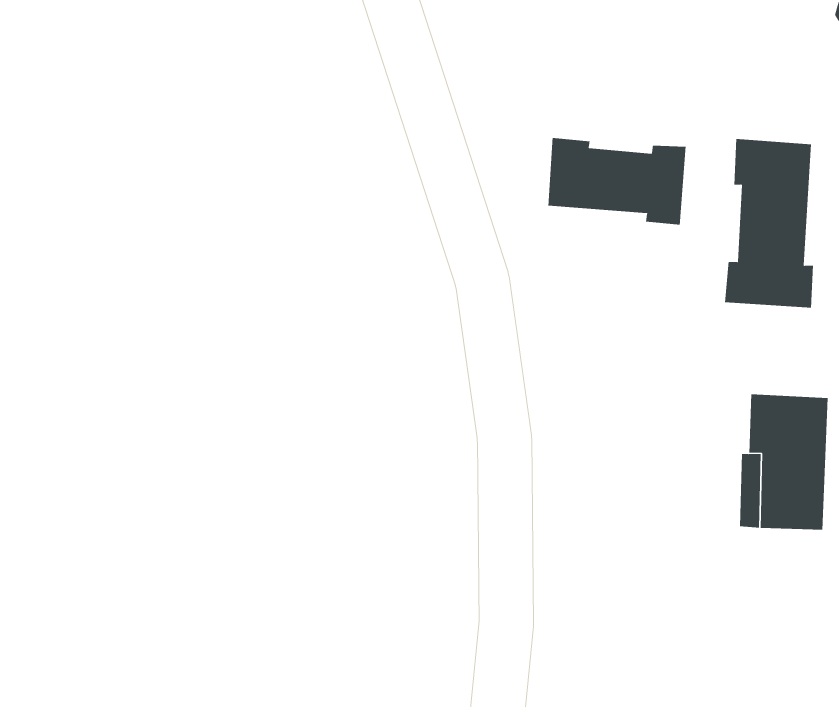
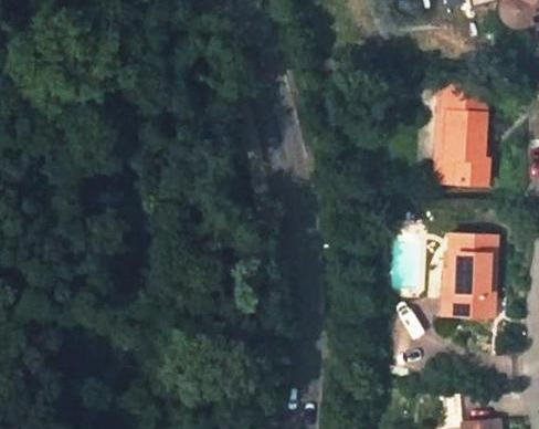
building: [548,137,686,225] -> none

